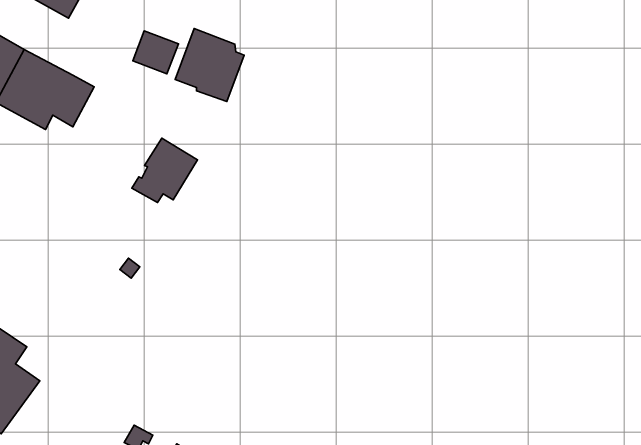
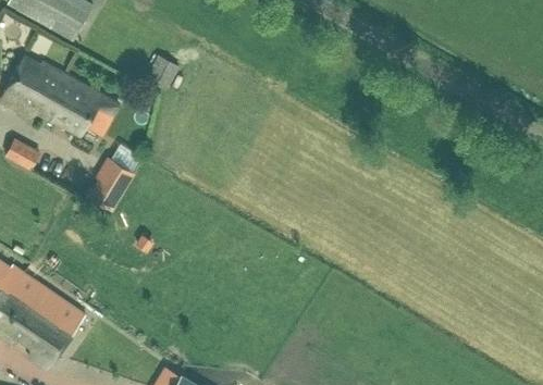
building: [175,28,244,101] -> none
building: [132,138,197,203] -> [85,157,135,206]

